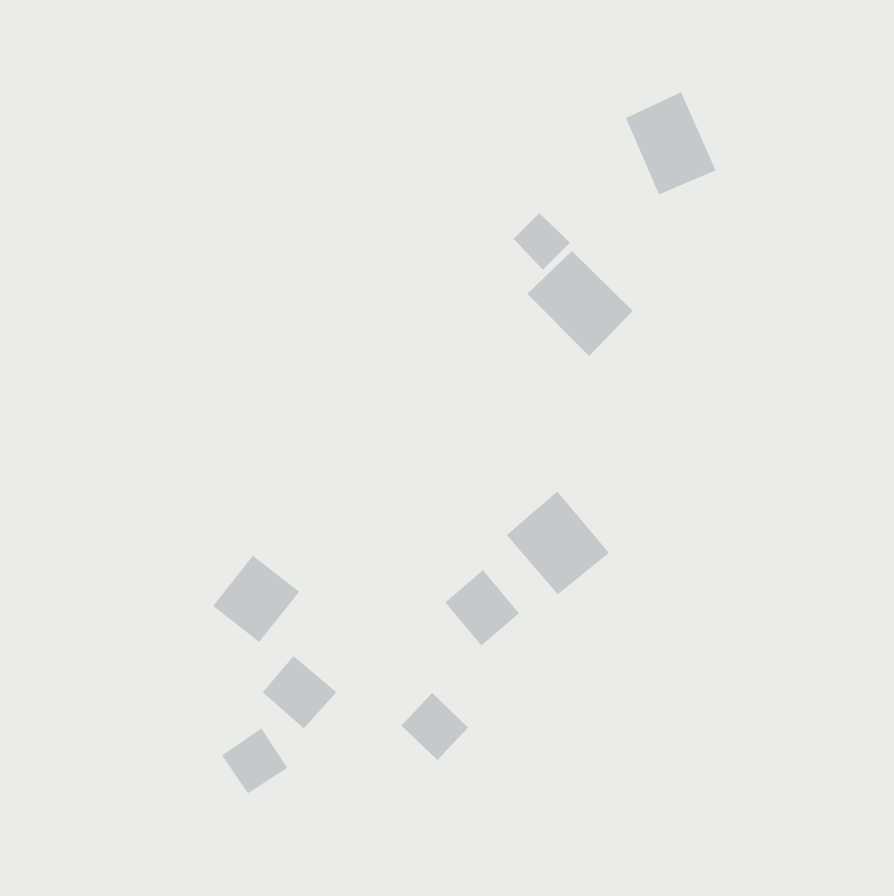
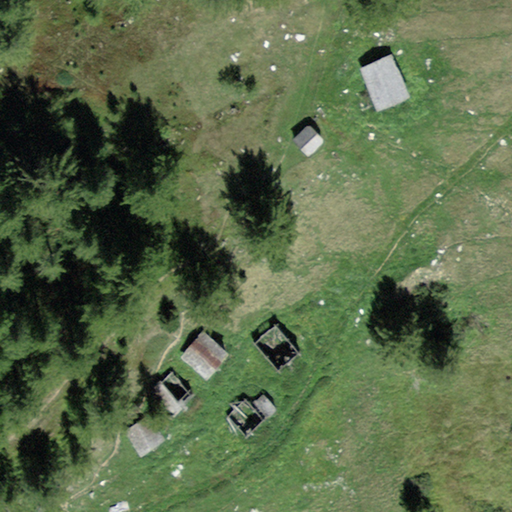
building: [526,250,634,357] -> none
building: [506,491,610,595] -> none
building: [212,555,300,643] -> [180,329,230,379]

